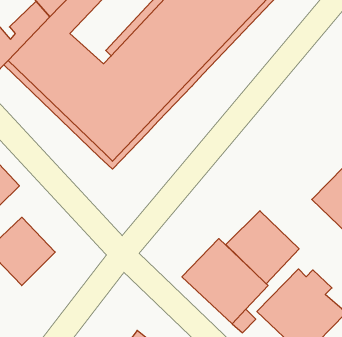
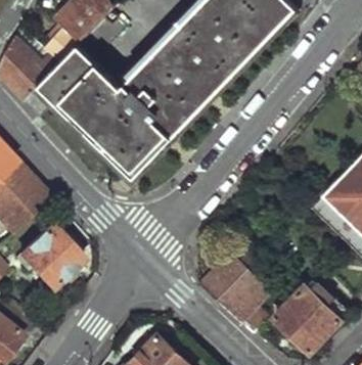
building: [226,211,299,284] -> none

